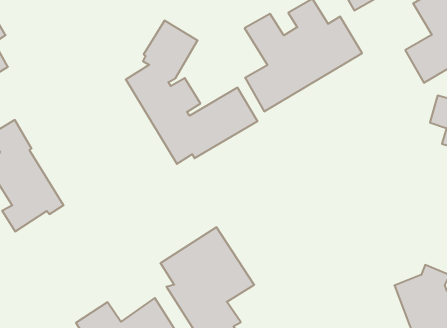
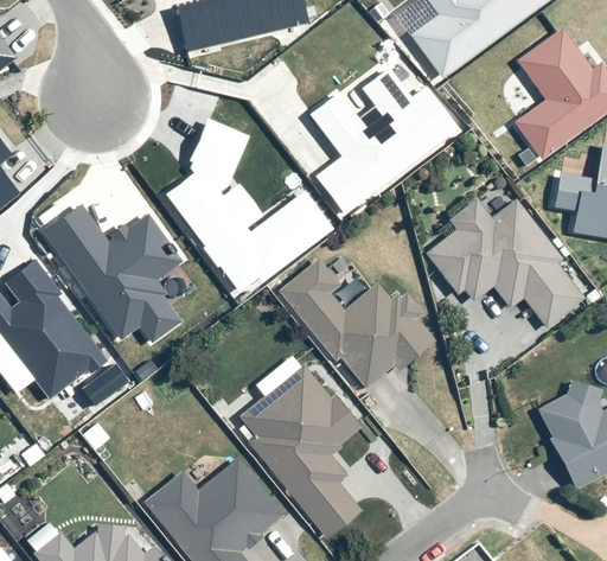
building: none -> [45,203,185,342]
building: none -> [421,202,579,330]
building: none -> [280,261,432,396]

